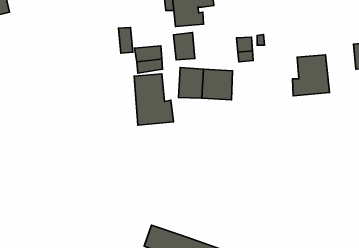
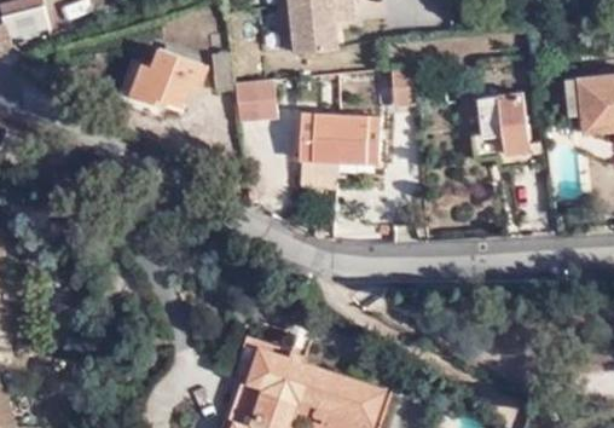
building: none -> [131,50,205,108]
building: [173,33,195,60] -> none
building: [134,74,173,125] -> none

